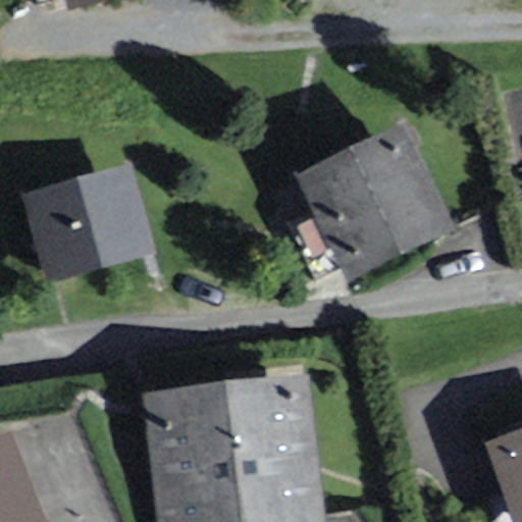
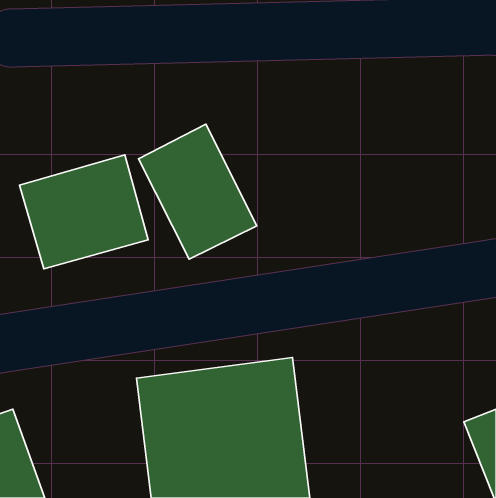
building: [295,121,454,279] -> none
building: none -> [138,124,257,259]

